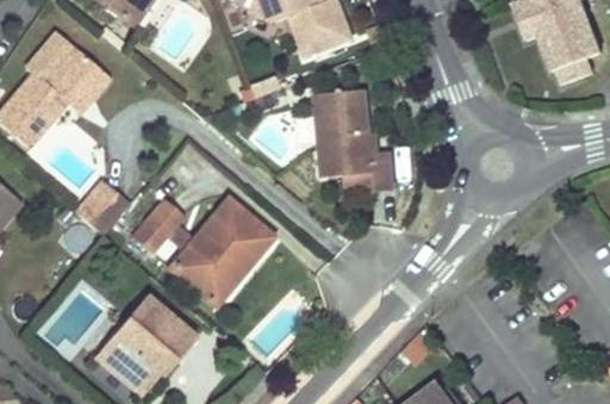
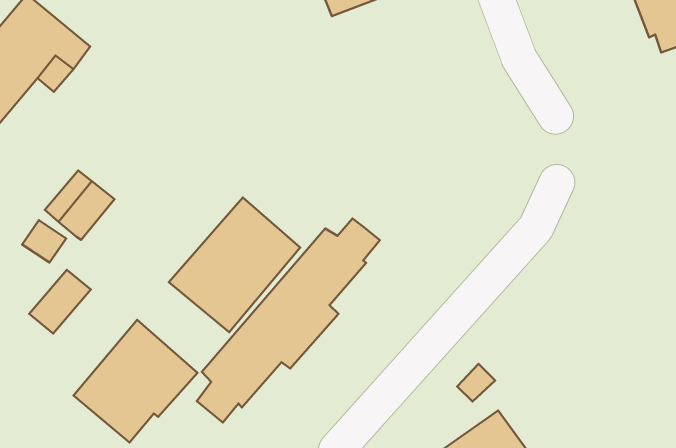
building: [310,88,392,191] -> none
building: [136,203,185,253] -> [29,270,91,333]
building: none -> [197,218,380,423]

